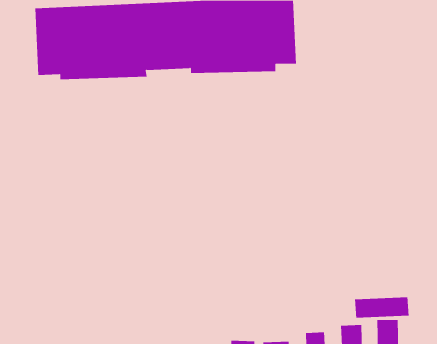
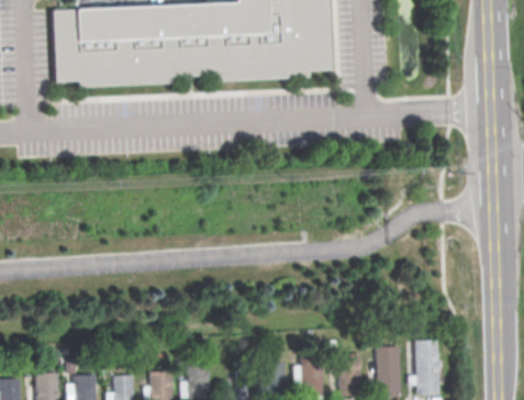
building: [354,296,409,319] -> none

